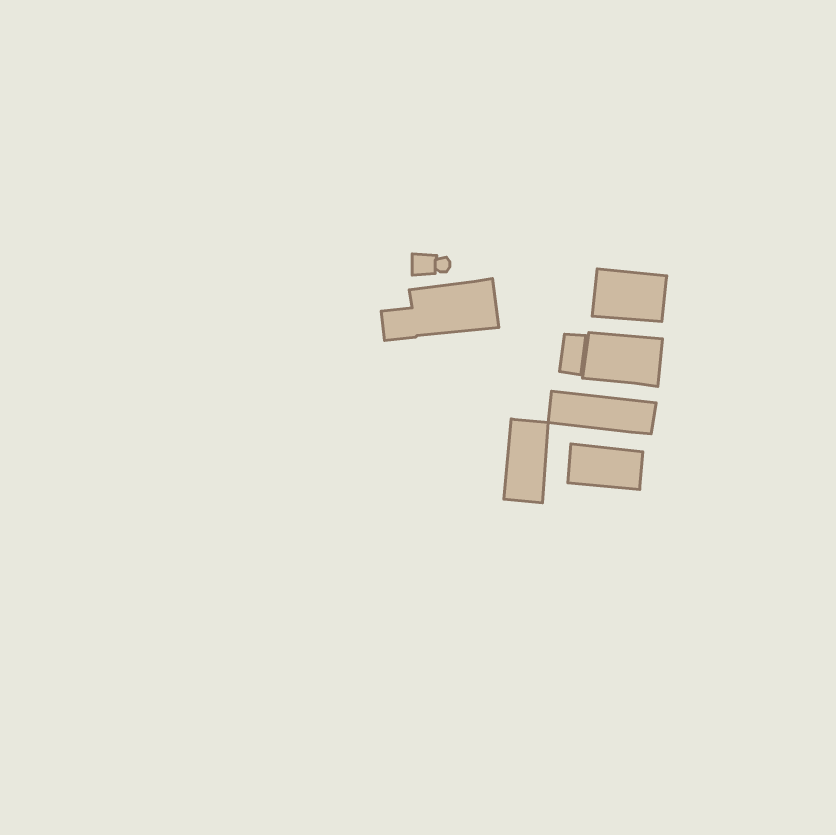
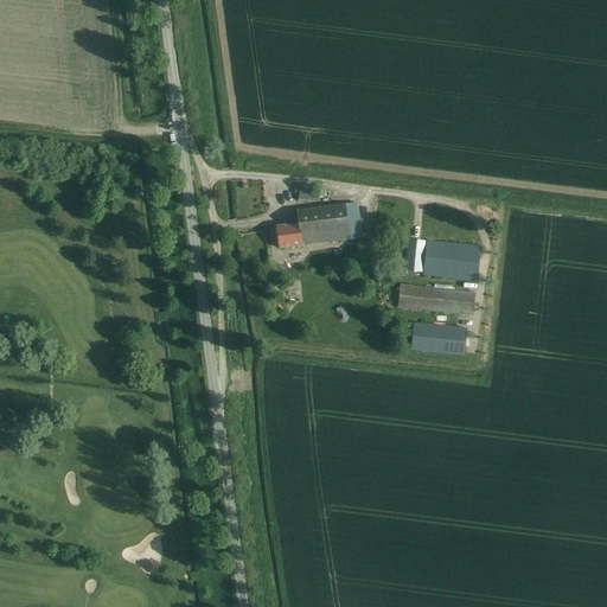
building: [592,269,667,321] -> none
building: [504,419,548,503] -> none

